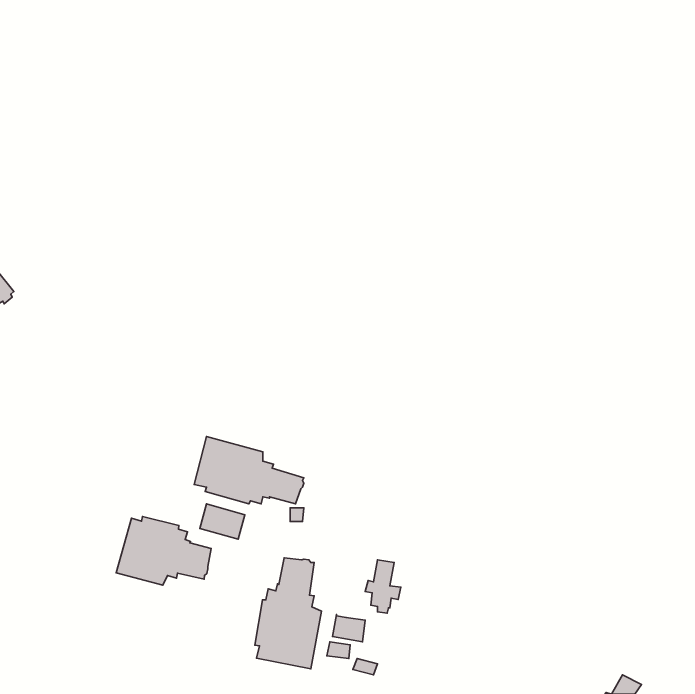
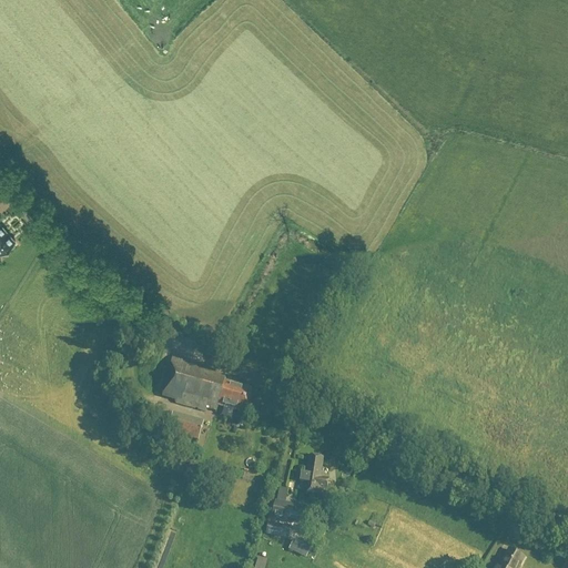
building: [116,516,211,585] -> none
building: [255,558,322,669] -> none

